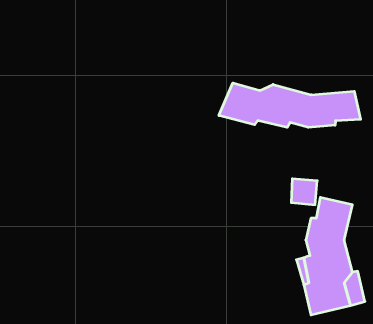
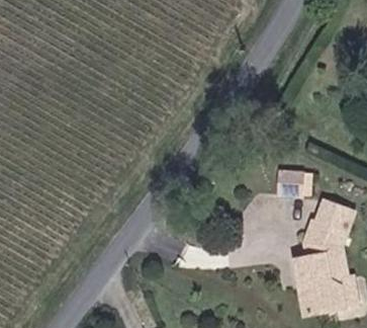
building: [219,83,361,127] -> none

